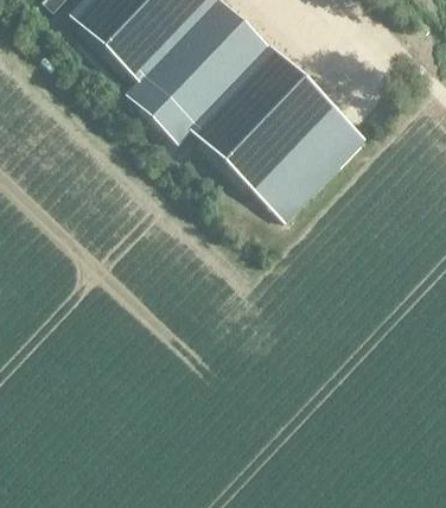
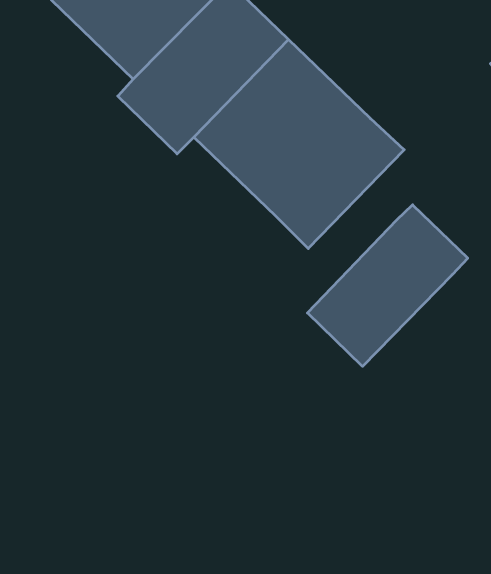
building: none -> [307,205,468,366]

